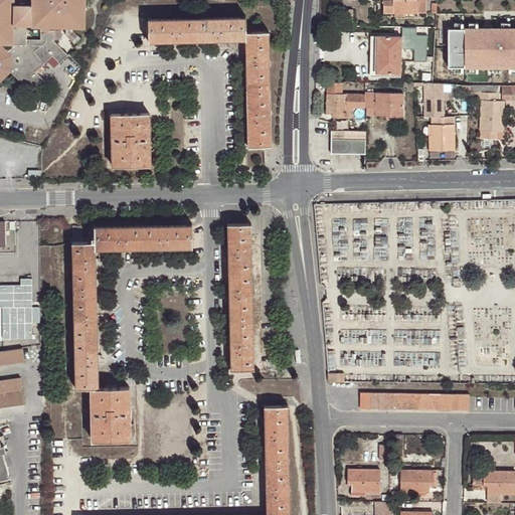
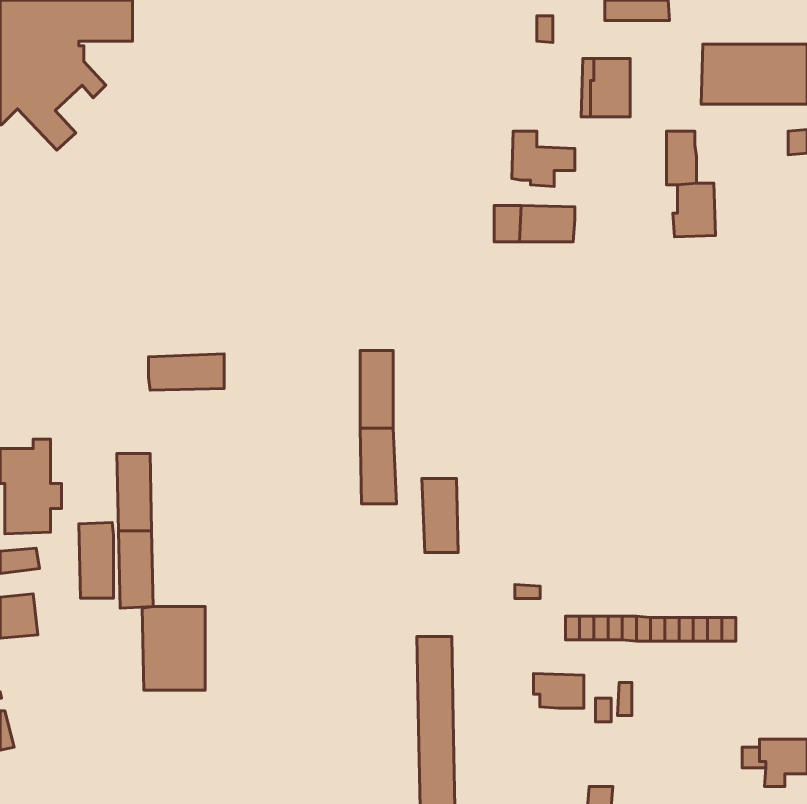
building: [149,18,270,146] -> none
building: [470,88,504,141] -> none
building: [366,96,403,118] -> none
building: [112,114,151,167] -> none
building: [143,226,192,249] -> none
building: [73,242,96,291] -> [79,522,114,598]
building: [230,323,253,370] -> [422,478,458,553]
building: [348,471,380,493] -> [533,674,584,708]
building: [400,472,434,494] -> none

